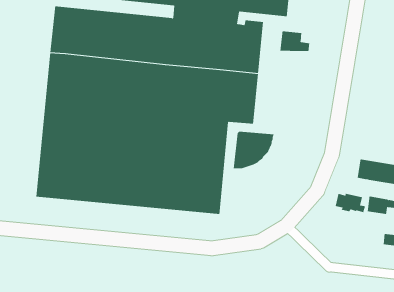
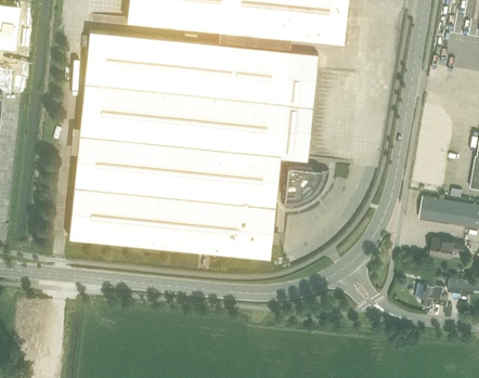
building: [280,30,310,52] -> none
building: [335,193,366,213] -> [415,284,449,305]

